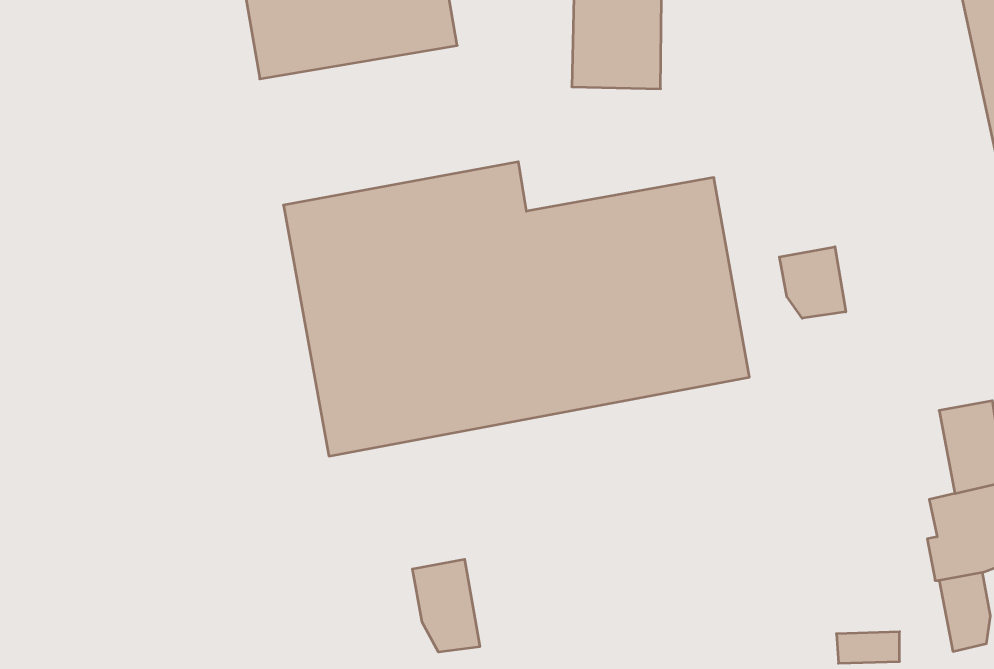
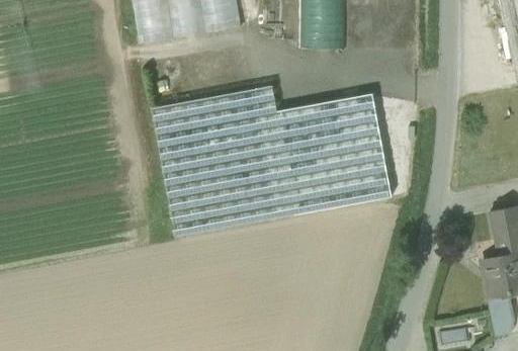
building: [779,247,846,318] -> none
building: [412,559,480,652] -> none

